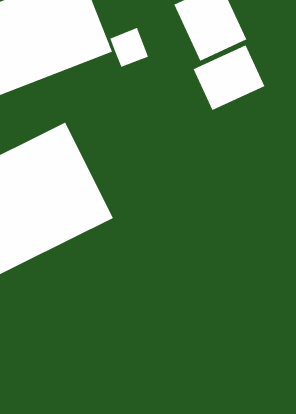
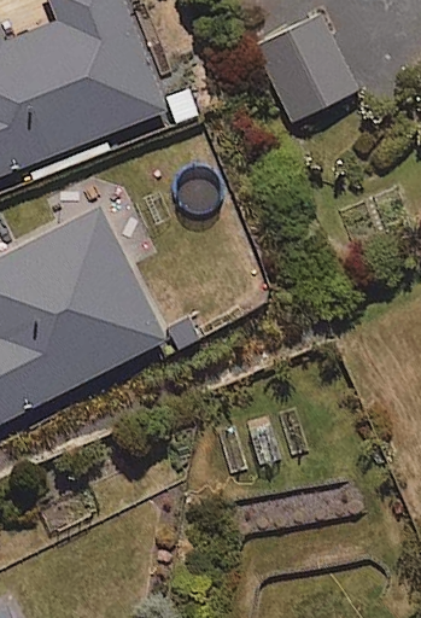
building: [193,45,265,111] -> none

